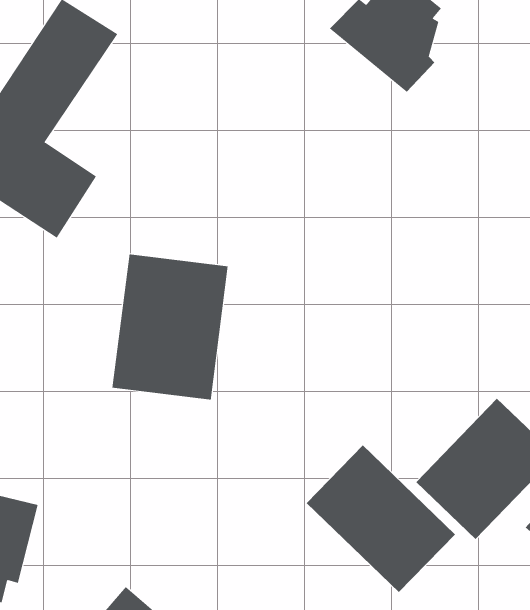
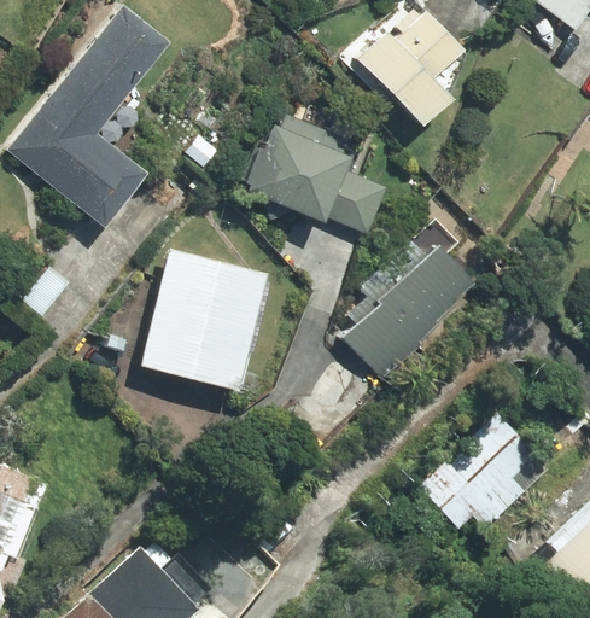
building: none -> [239,111,385,234]
building: none -> [343,214,500,374]
building: [306,445,456,593] -> none

